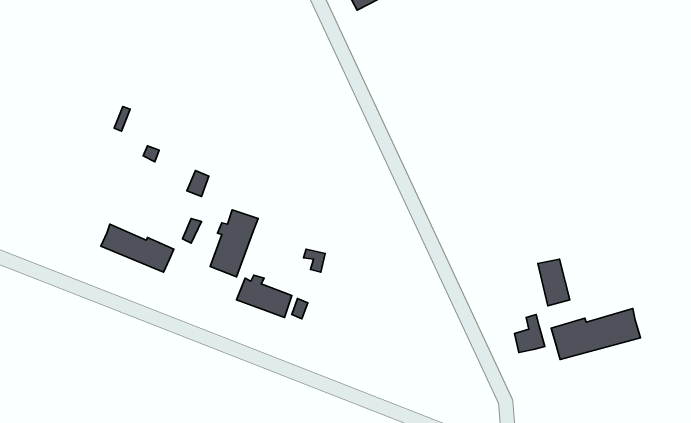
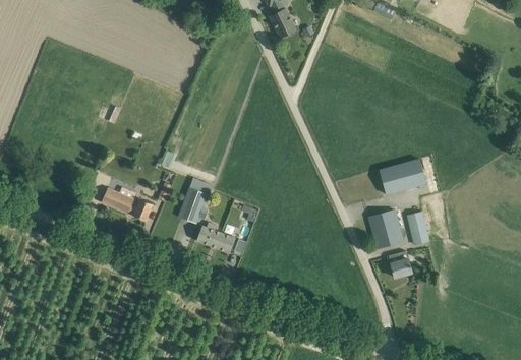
building: none -> [380,159,425,194]
building: none -> [368,211,401,248]
building: [551,309,640,360] -> none

